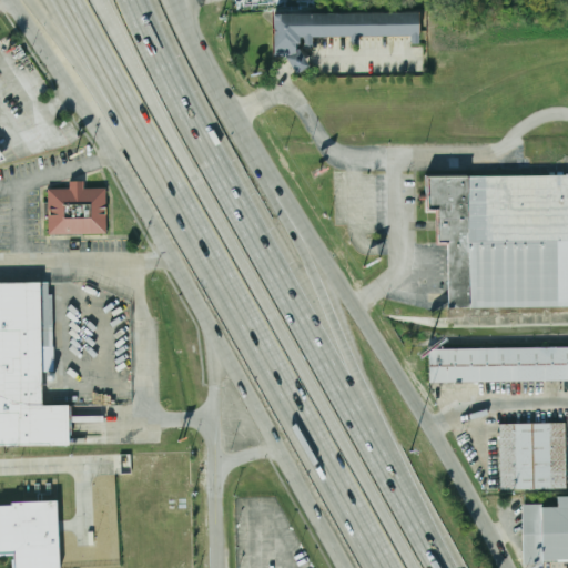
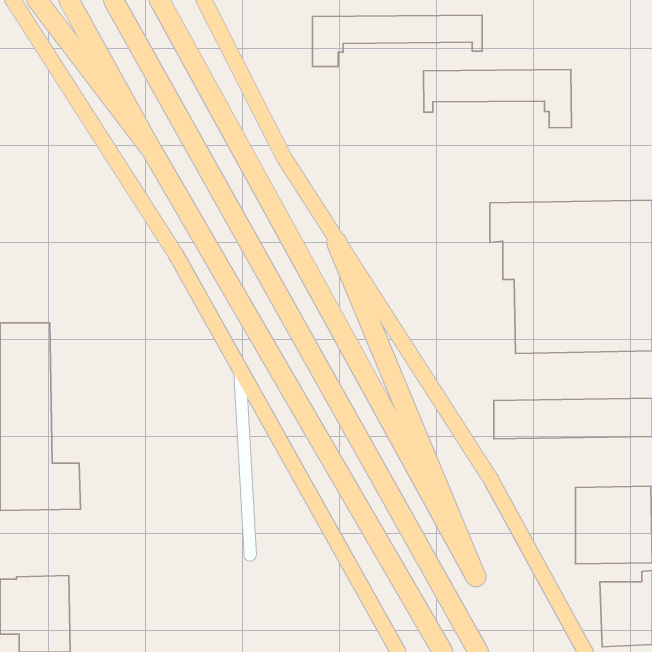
building: none -> [423,70,571,128]
building: [48,190,105,234] -> none

